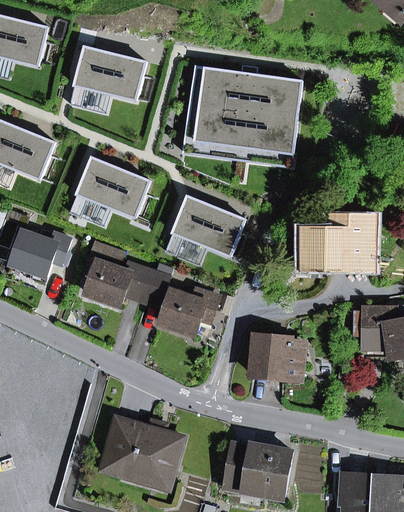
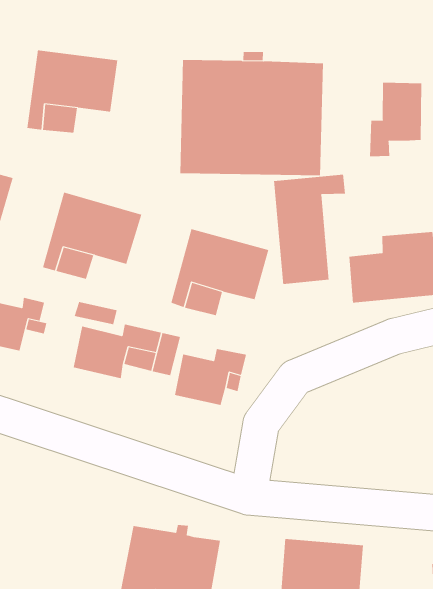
building: none -> [369,82,422,157]
building: none -> [274,174,345,285]
building: [250,335,301,378] -> none

